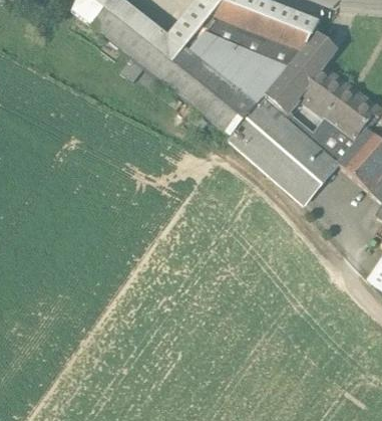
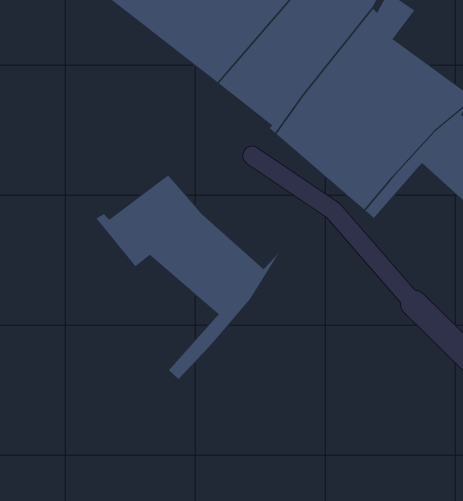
building: none -> [96,175,279,380]

